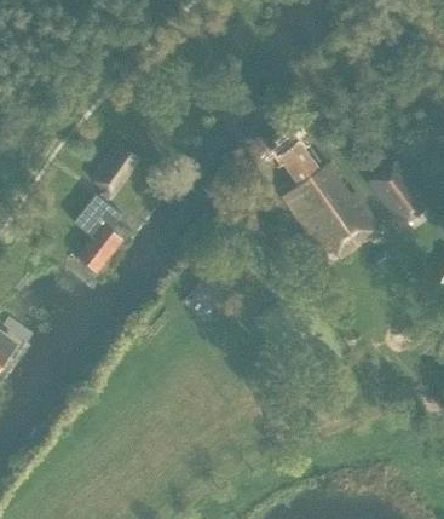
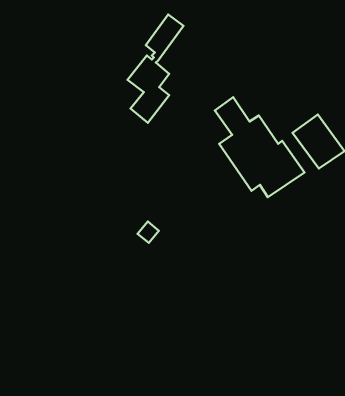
building: [71,144,138,272] -> [127,15,183,123]

